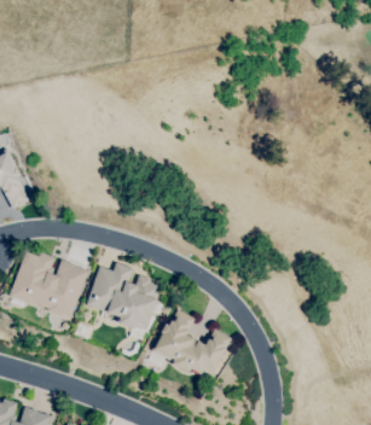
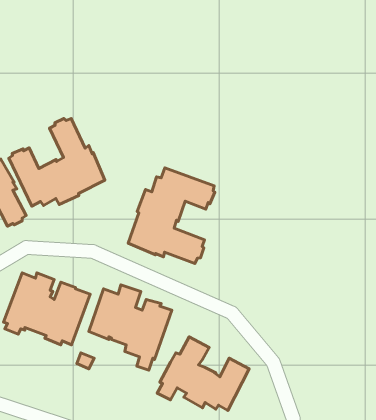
building: none -> [9,119,105,206]
building: none -> [128,168,215,263]

